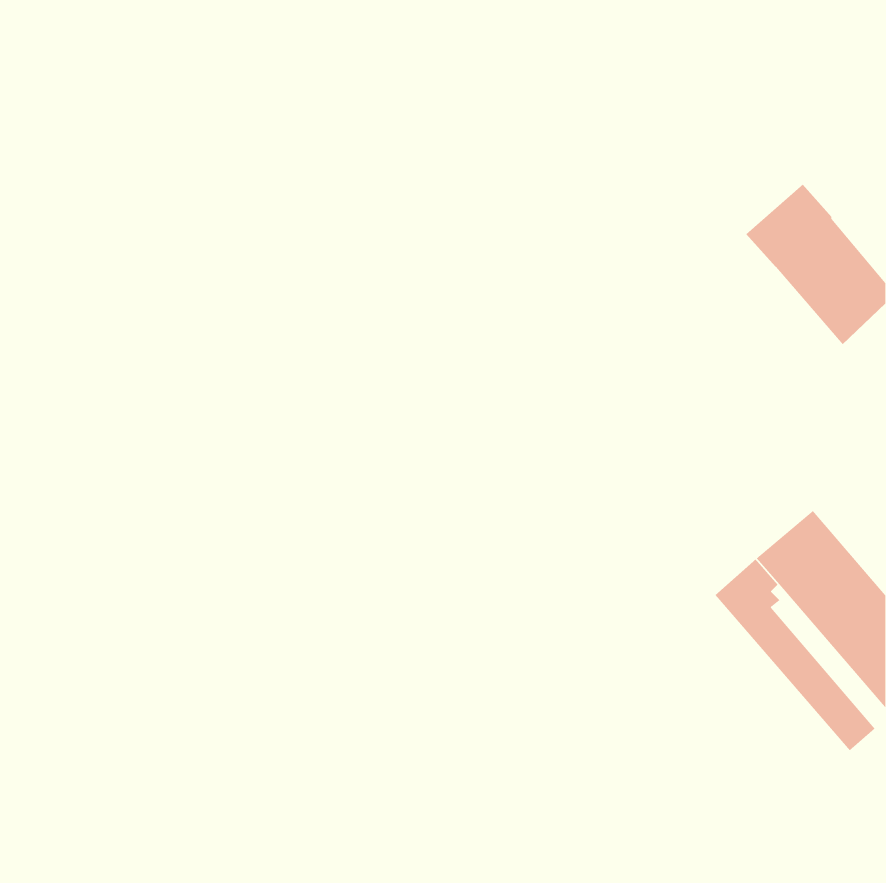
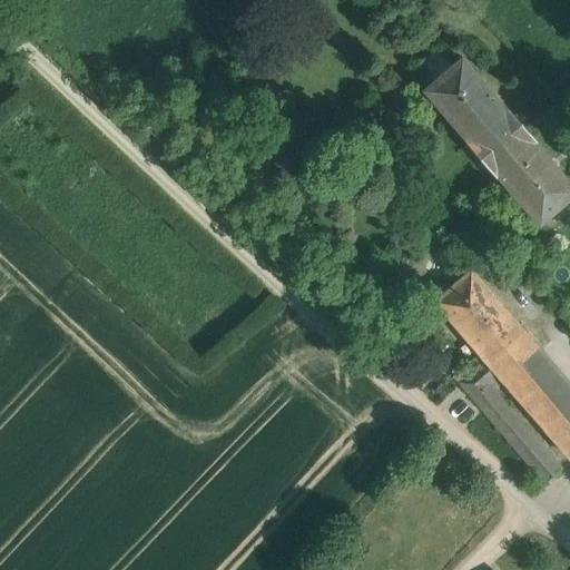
building: none -> [426,59,515,153]
building: none -> [435,271,522,361]

